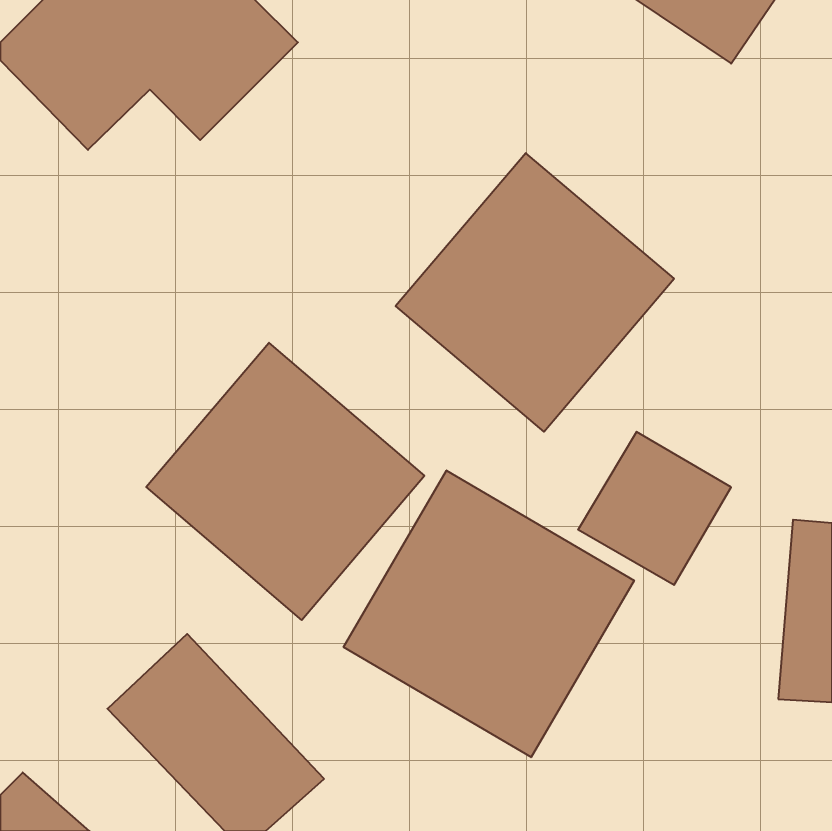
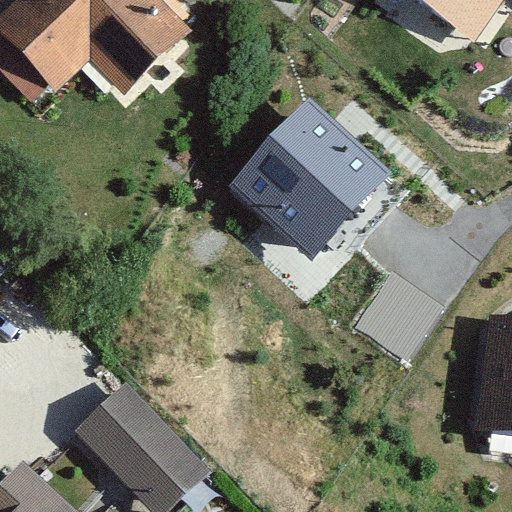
building: [146,343,424,620] -> none
building: [344,470,634,757] -> none

